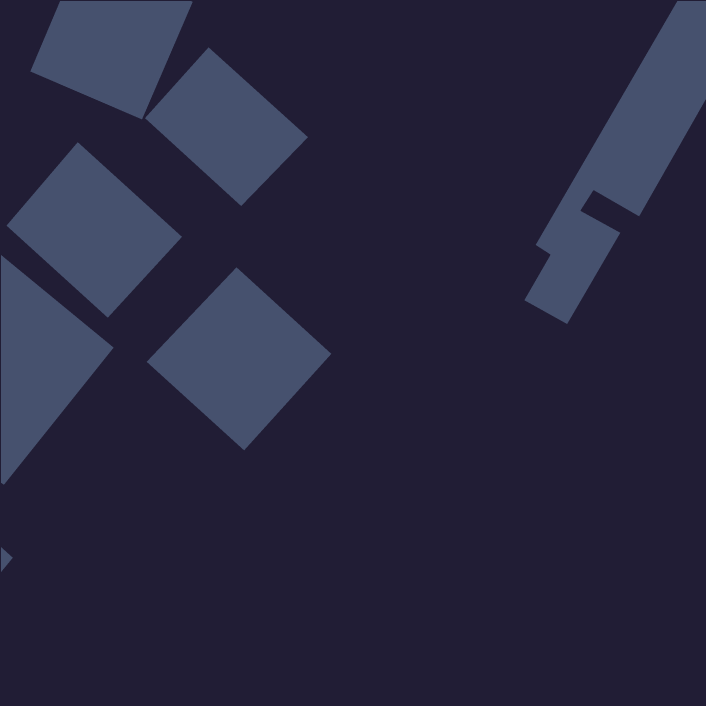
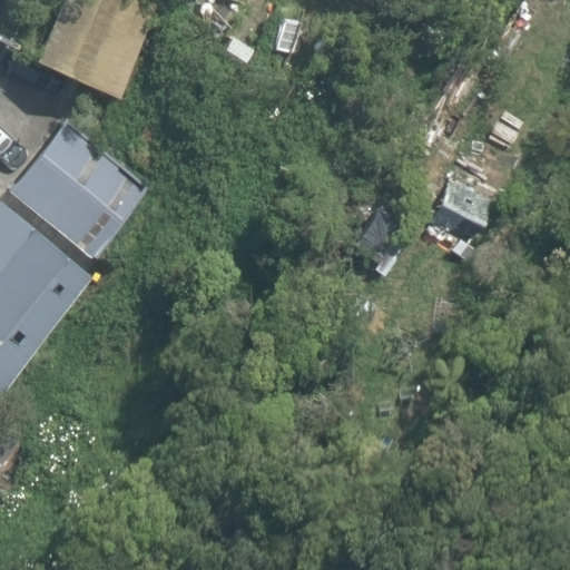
building: [144,46,309,207] -> none
building: [146,267,332,451] -> none

